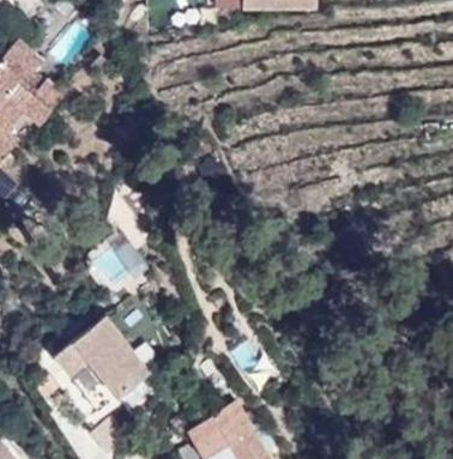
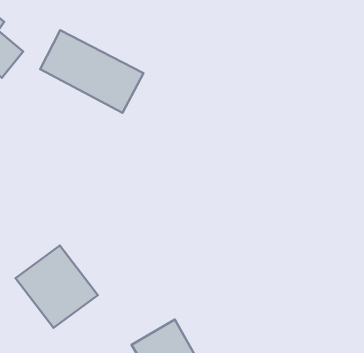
building: none -> [40,30,144,113]

